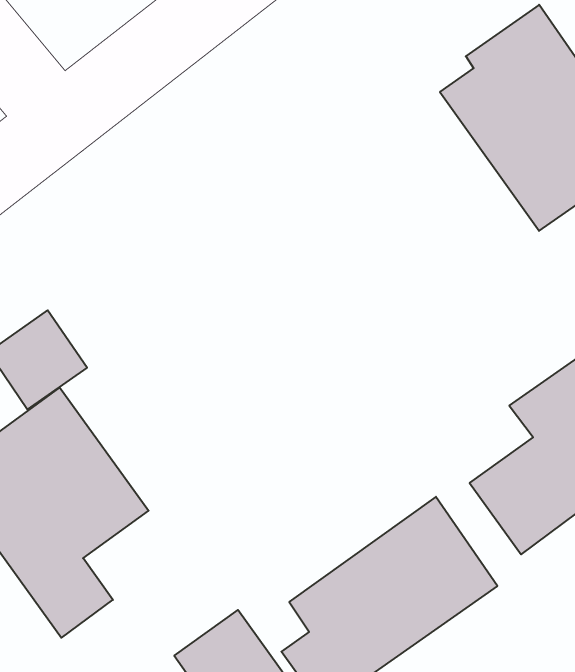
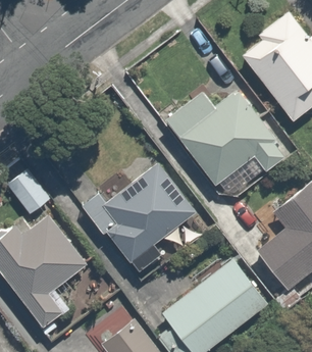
building: none -> [164,88,291,207]
building: none -> [81,164,196,265]

